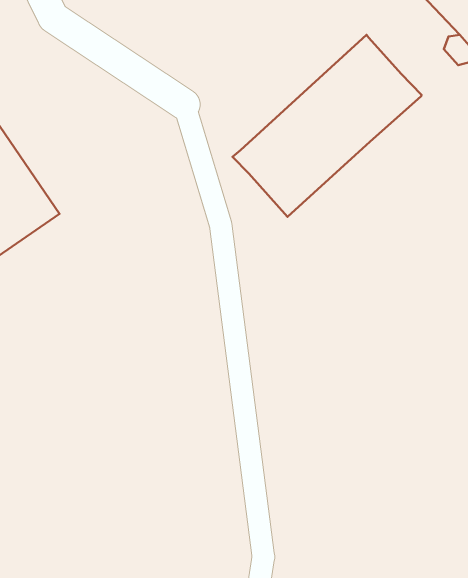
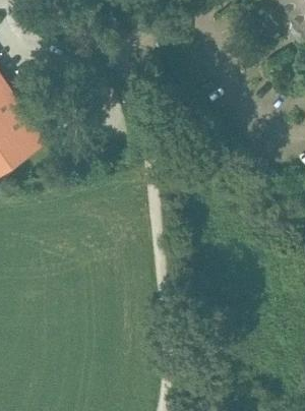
building: [232,35,421,217] -> none

